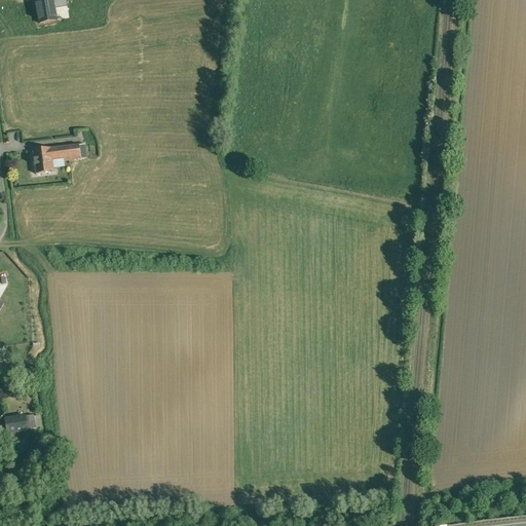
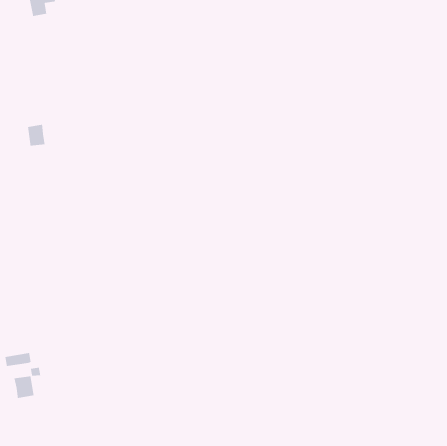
building: [50,142,79,158] -> none
building: none -> [14,375,35,399]

